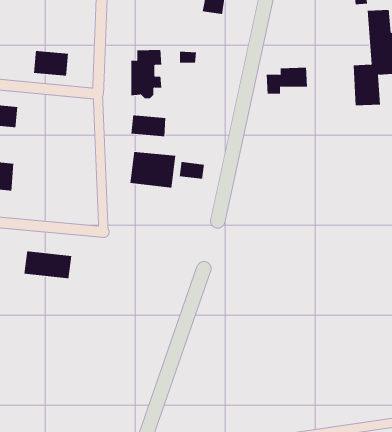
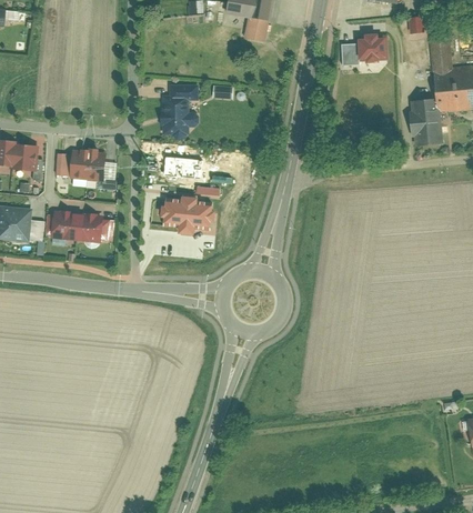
building: [33,50,69,76] -> [72,151,112,180]
building: [266,67,308,94] -> [339,36,385,66]
building: [179,161,204,180] -> none
building: [23,251,72,279] -> [53,210,108,241]

